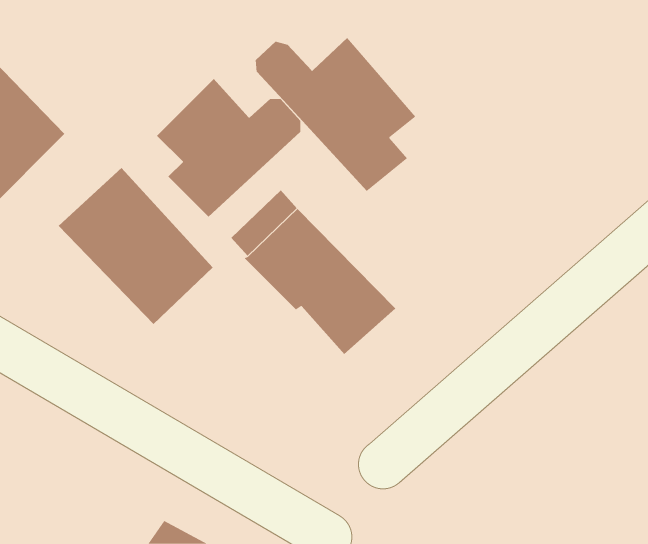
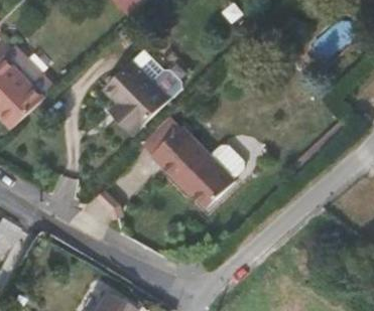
building: [255,37,416,192] -> none
building: [58,167,214,325] -> none

